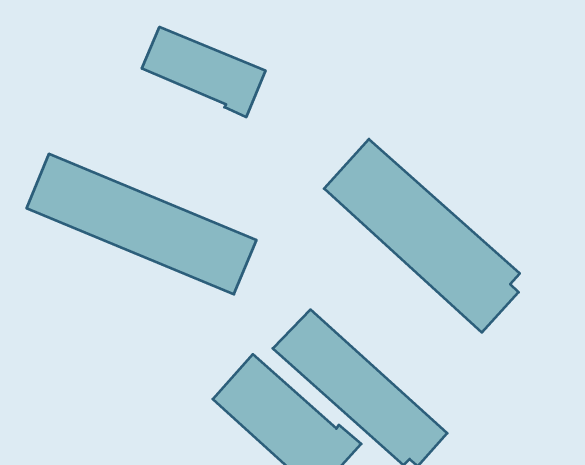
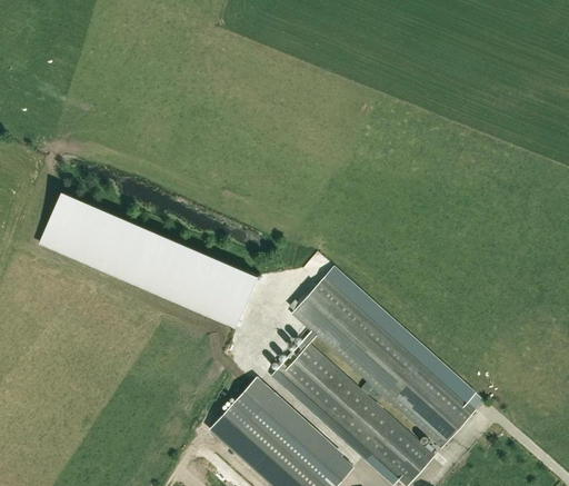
building: [142,27,265,117] -> none
building: [324,139,520,332] -> [293,266,478,448]

